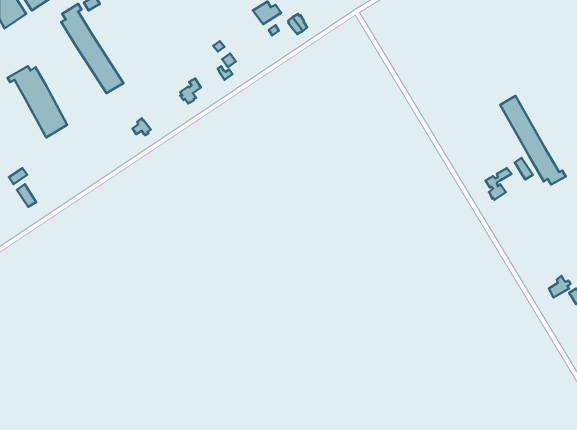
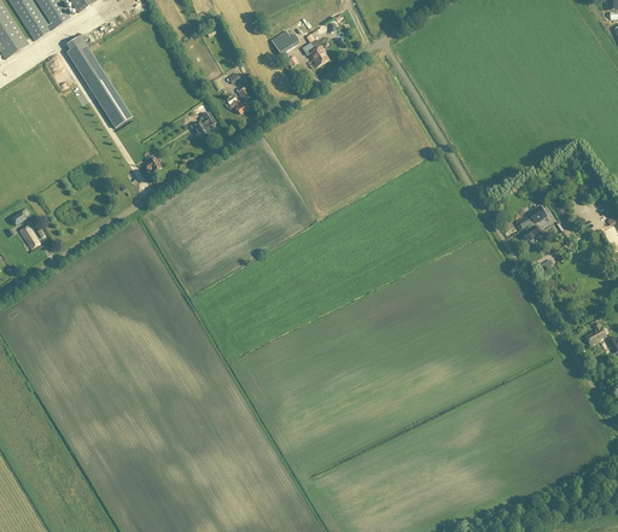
building: [7,66,67,138] -> none
building: [500,96,566,185] -> none

